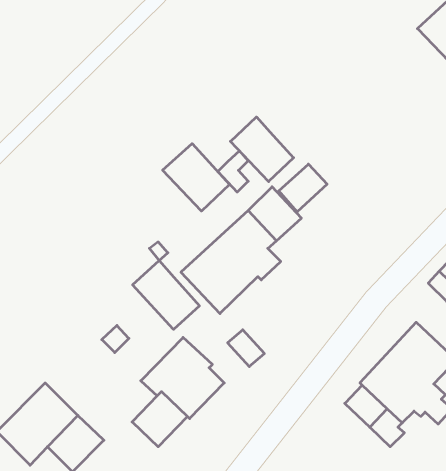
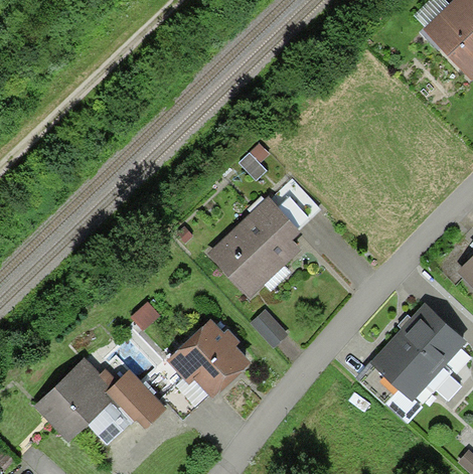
building: [230,117,294,182] -> none
building: [163,144,230,211] -> none
building: [279,164,327,212] -> none
building: [133,260,199,329] -> none
building: none -> [113,373,162,422]

